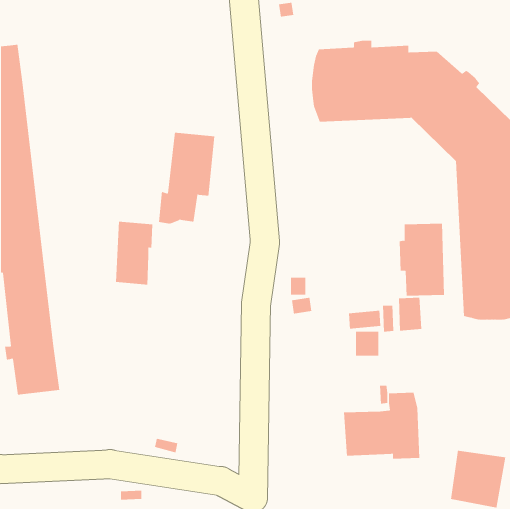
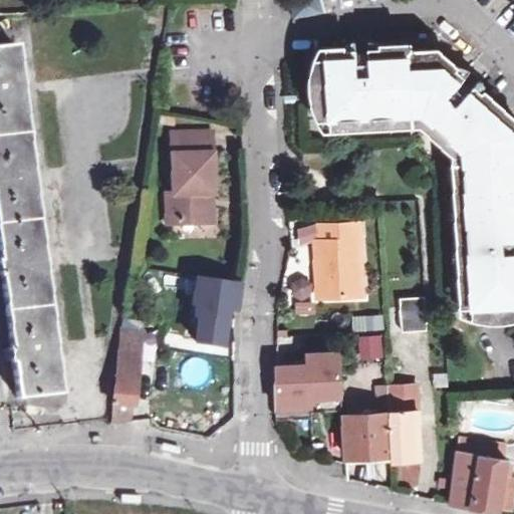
building: [115,221,153,285] -> [193,272,231,336]
building: [399,223,445,296] -> [319,225,365,298]
building: none -> [111,331,147,428]
building: none -> [280,353,344,410]

